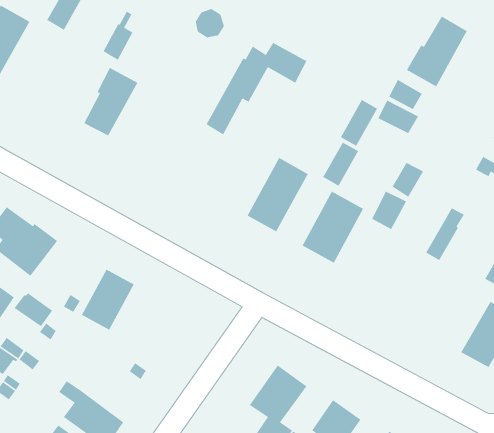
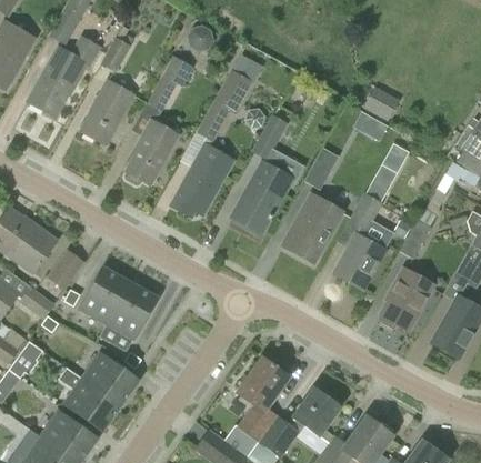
building: [406,15,468,88] -> none
building: none -> [29,37,100,115]
building: none -> [147,56,192,111]
building: [340,99,378,147] -> [251,115,287,160]
building: none -> [126,120,177,184]
building: none -> [172,144,233,215]
building: none -> [334,234,385,290]
building: none -> [46,249,84,291]
building: none -> [381,269,433,330]
building: none -> [107,280,156,336]
building: none -> [81,352,139,407]

